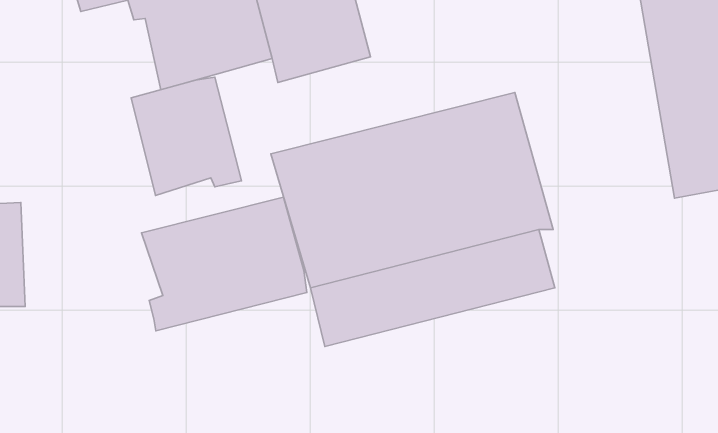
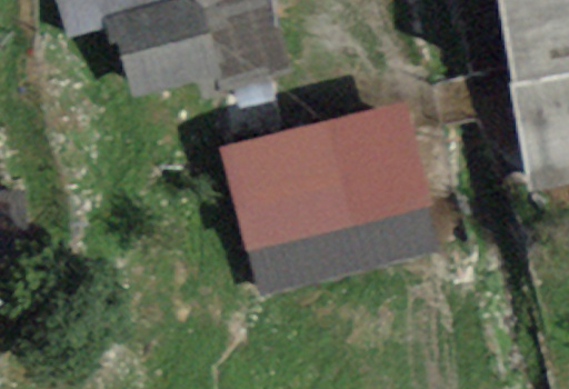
building: [131,77,241,195] -> none
building: [141,197,307,331] -> none

